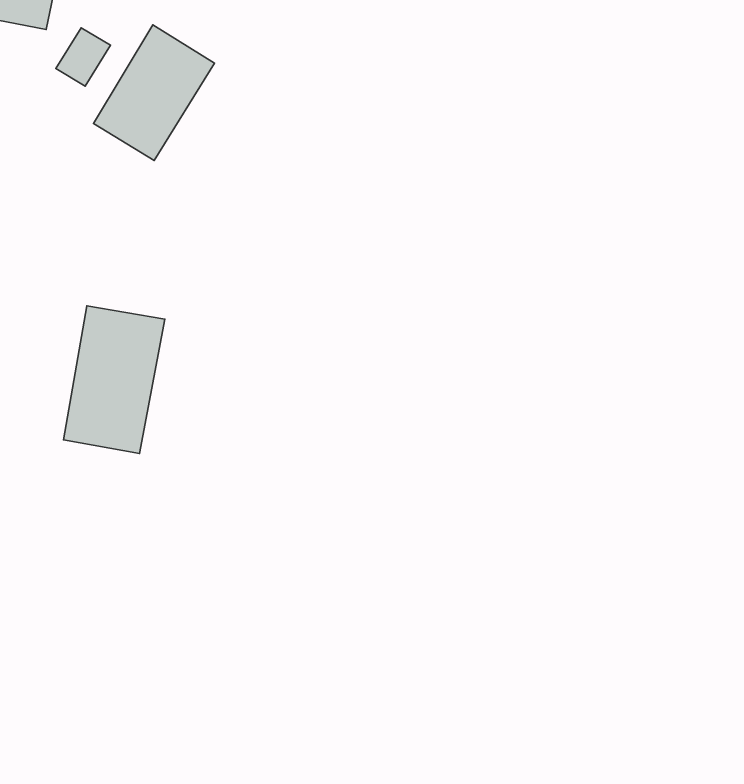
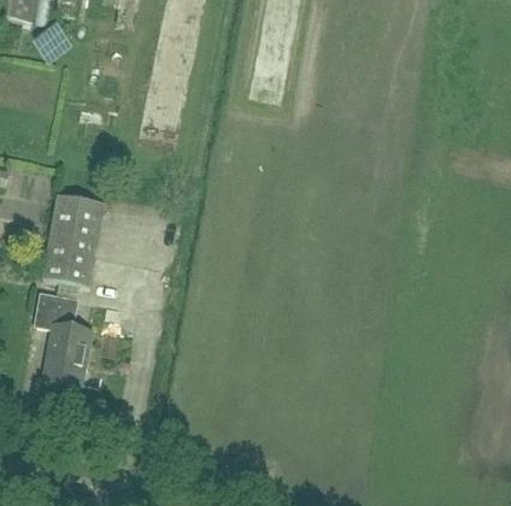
building: [94,25,215,160] -> none
building: none -> [34,292,90,386]

